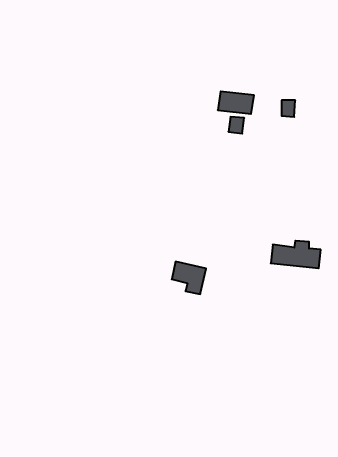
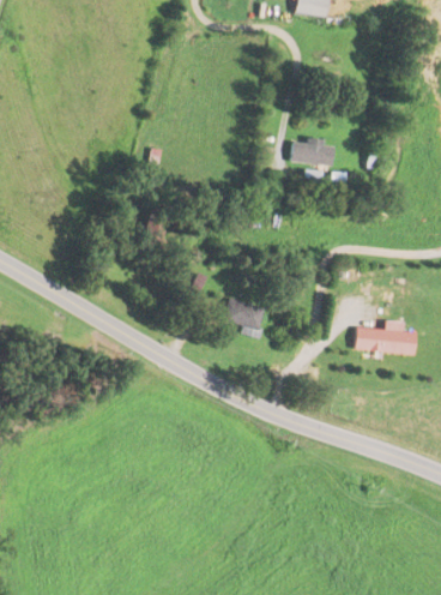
building: [172,262,206,294] -> [223,298,265,337]

